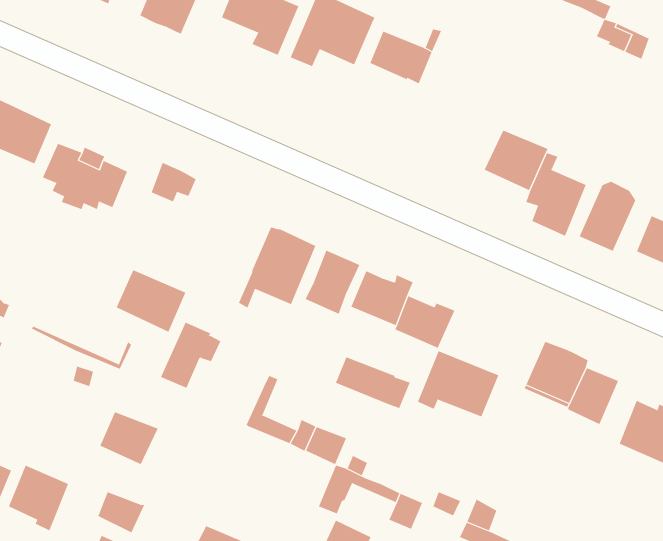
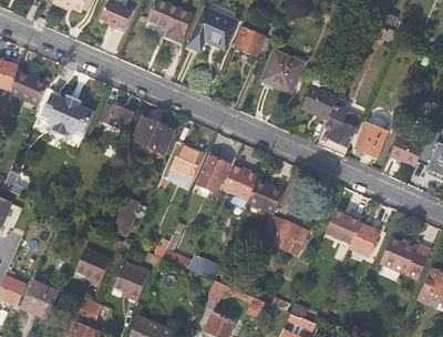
building: none -> [261,51,303,92]
building: [116,270,186,332] -> [133,116,174,153]
building: [335,356,410,409] -> none
building: none -> [115,264,152,300]

